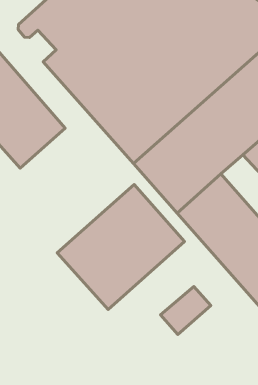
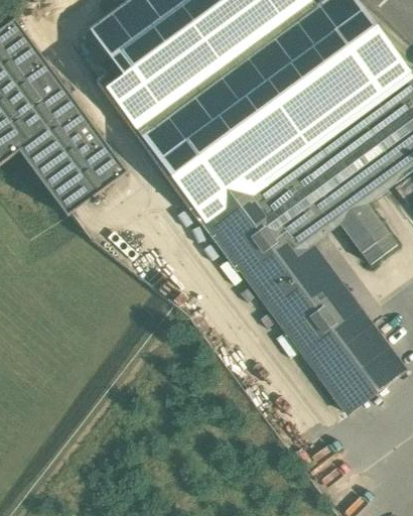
building: [57,184,184,309] -> none
building: [160,287,211,334] -> none

